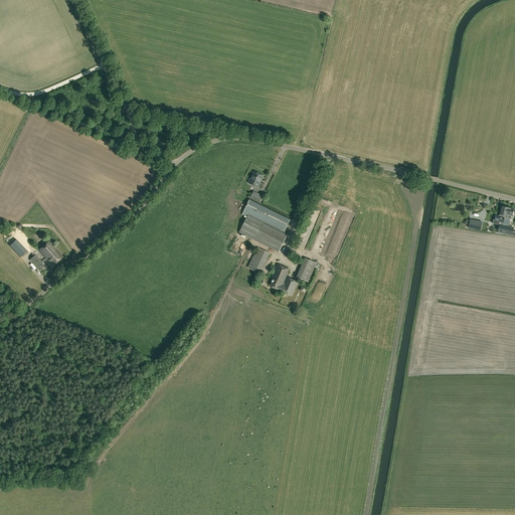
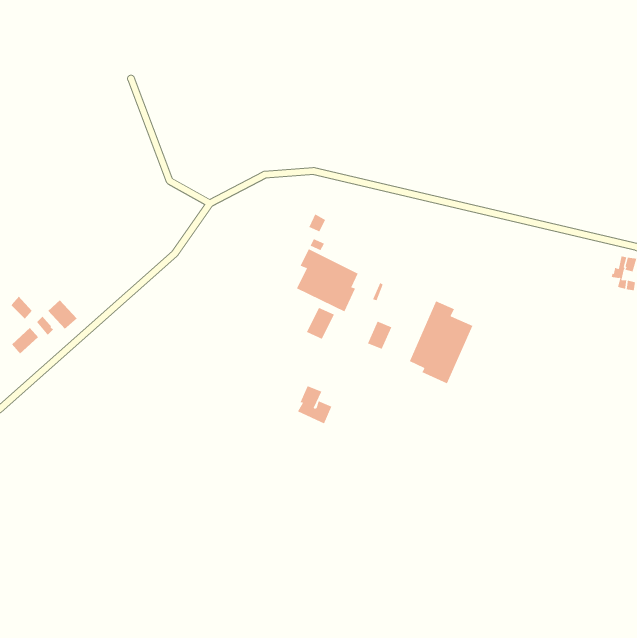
building: none -> [409,300,473,384]
building: [269,265,297,296] -> [297,385,332,424]

